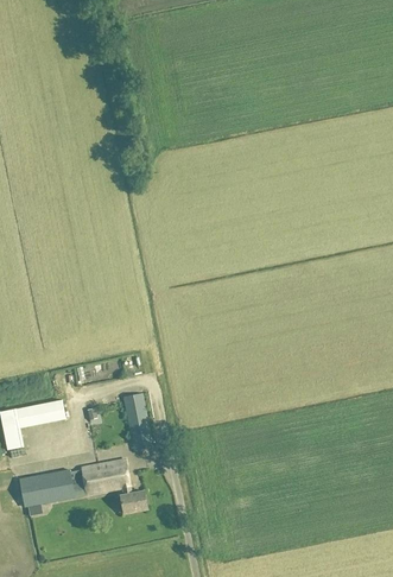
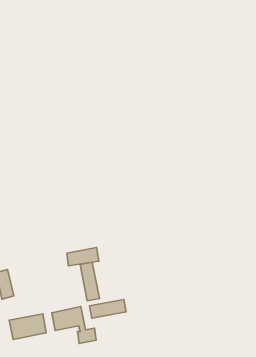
building: [20,398,68,425] -> [67,247,99,266]
building: none -> [90,299,126,318]

